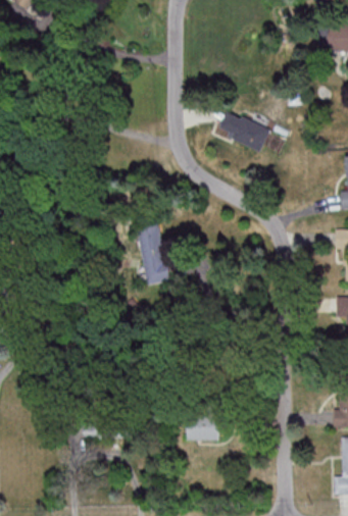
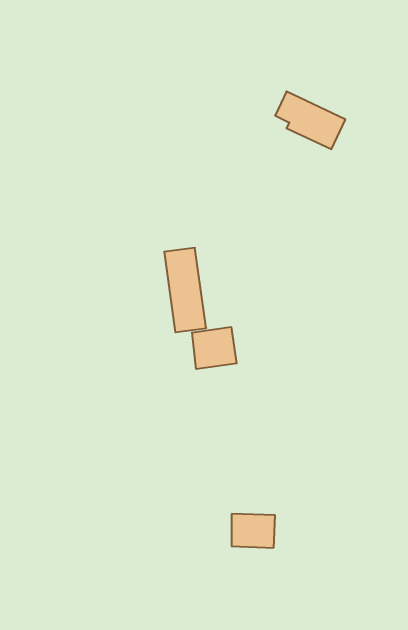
building: none -> [192,327,237,369]

